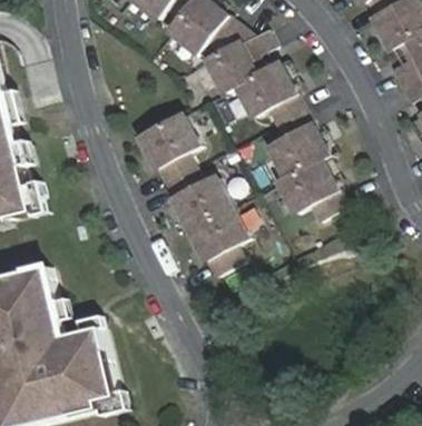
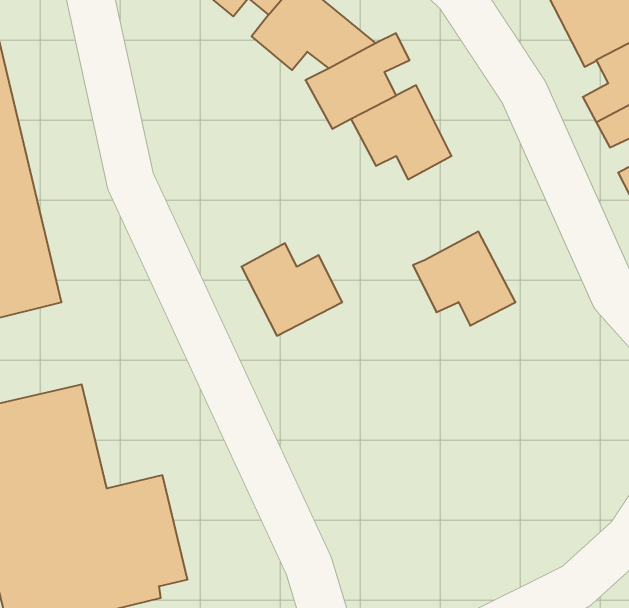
building: [266,110,325,179] -> none
building: [137,115,196,184] -> none
building: [185,207,245,276] -> none

